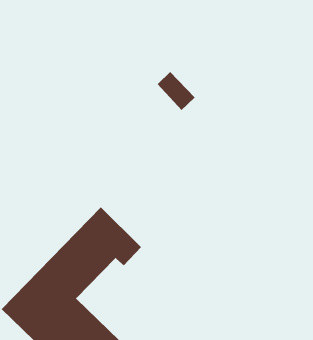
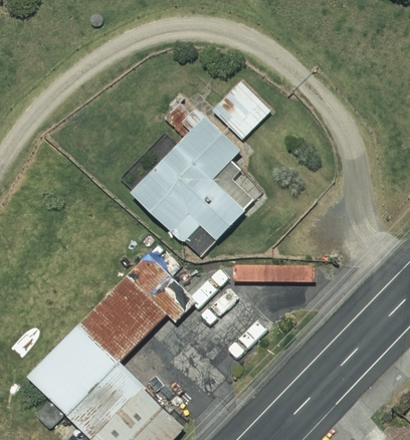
building: none -> [125,108,245,244]

